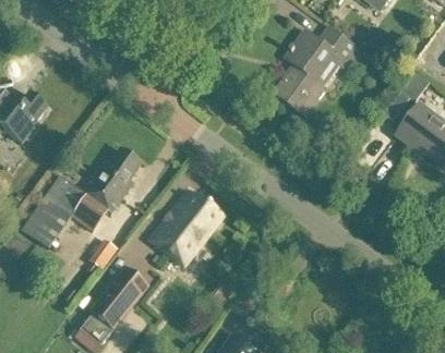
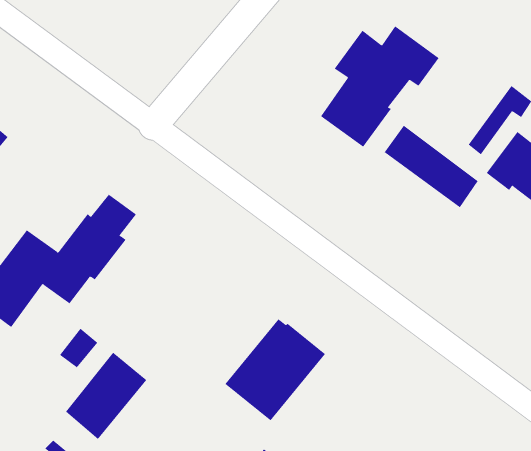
building: none -> [384,125,479,208]
building: [149,190,224,265] -> [225,318,326,421]

